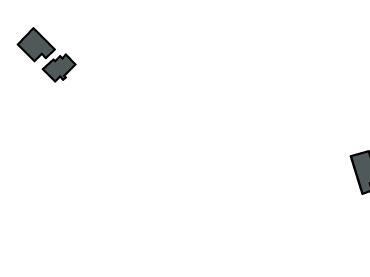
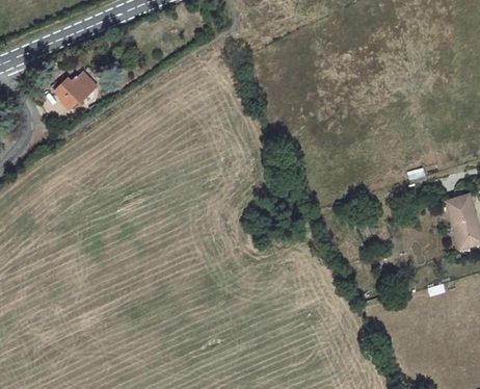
building: [18,28,55,61] -> none

